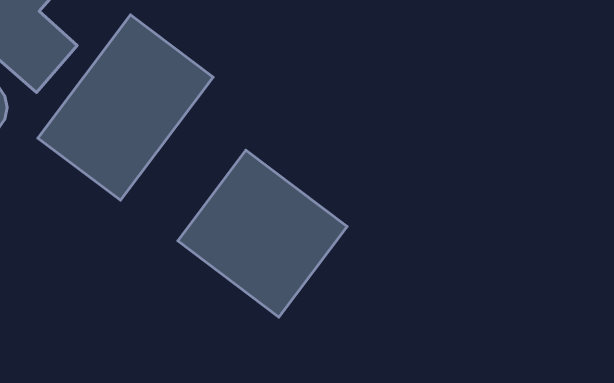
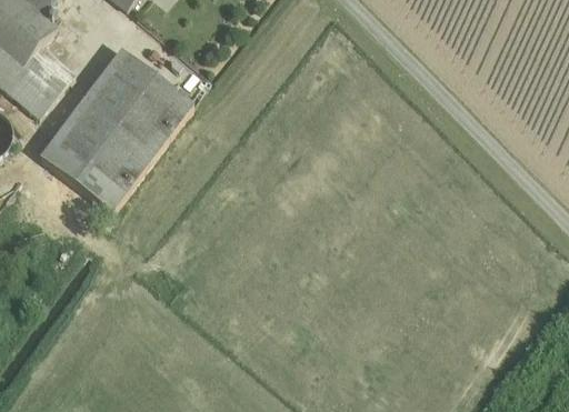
building: [178,150,347,317] -> none

